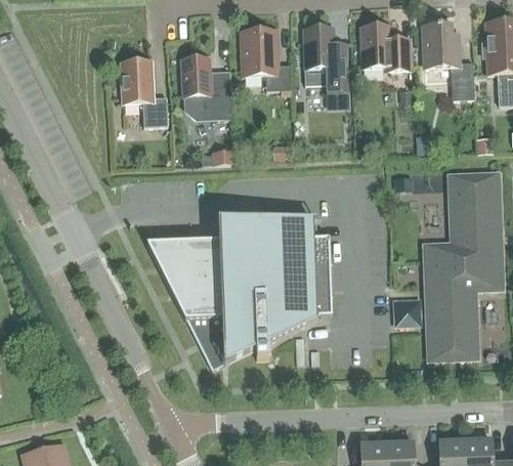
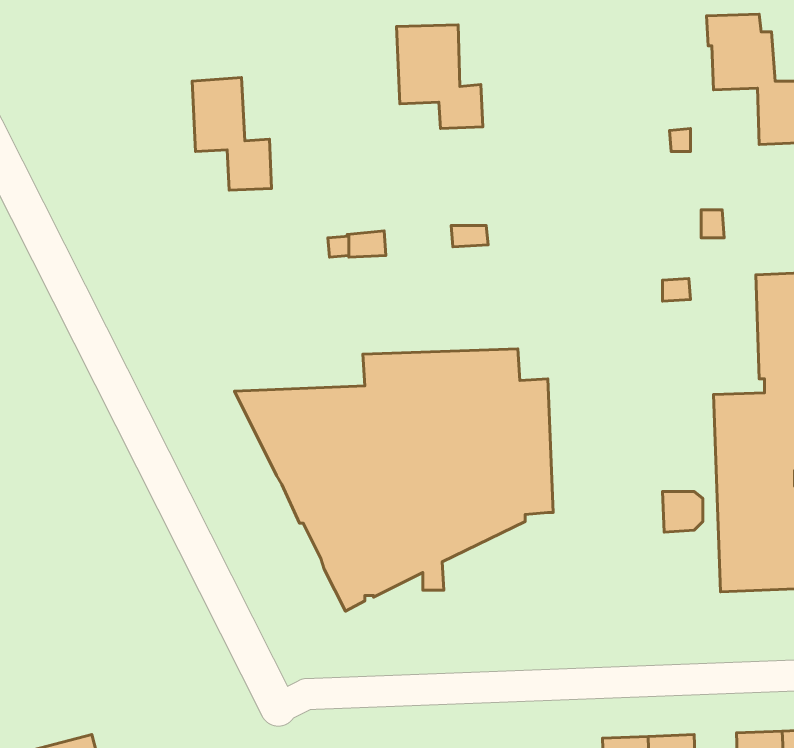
building: [361,25,413,70] -> none
building: [303,27,349,108] -> none
building: [181,57,231,120] -> none

